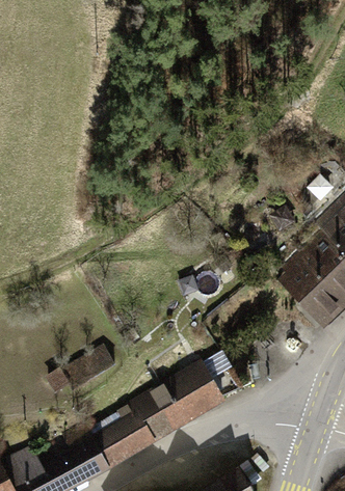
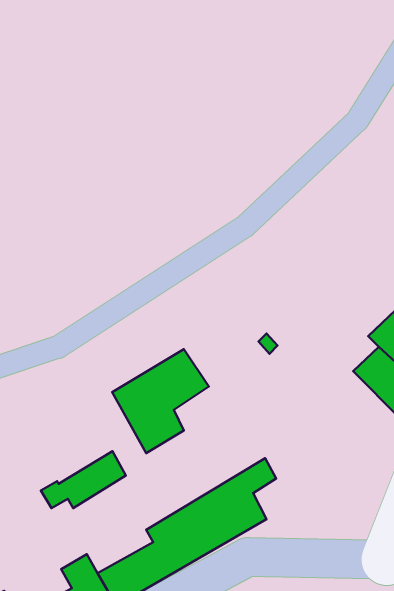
building: none -> [112,349,209,453]

